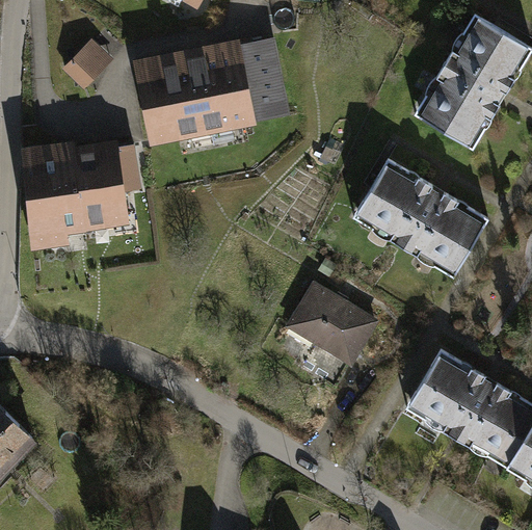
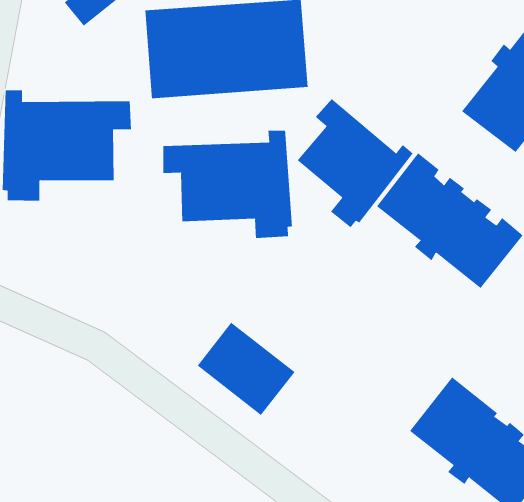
building: none -> [297,98,414,228]
building: none -> [163,130,293,239]
building: [289,285,375,363] -> [197,322,295,416]

